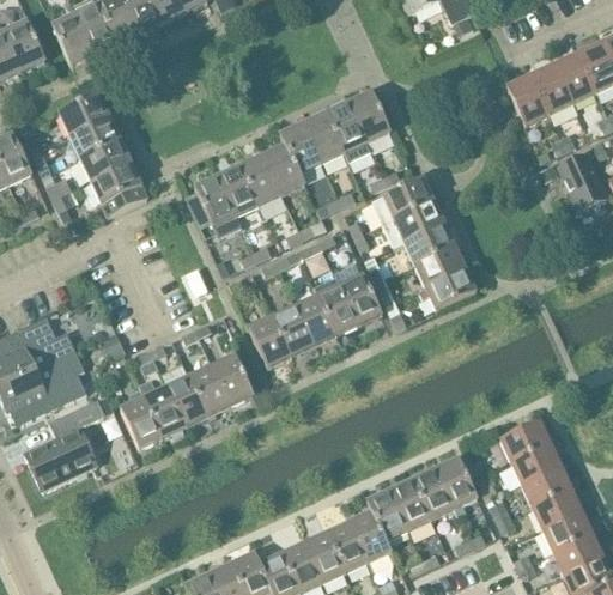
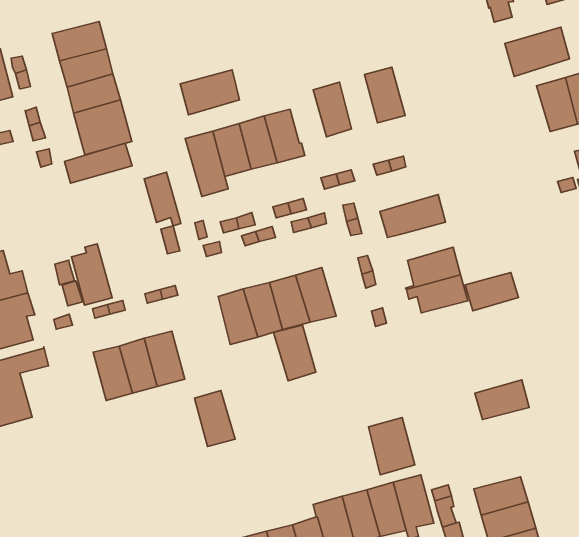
building: none -> [505,27,569,76]
building: [326,101,370,159] -> none
building: none -> [180,70,239,115]
building: [279,122,322,172] -> none
building: [371,176,432,223] -> none
building: none -> [64,143,132,183]
building: none -> [144,172,181,226]
building: [403,223,454,263] -> [465,272,518,311]
building: [338,272,382,324] -> [274,325,316,381]
building: [211,352,254,405] -> [194,391,235,446]
building: [119,389,162,447] -> [71,244,112,305]
building: none -> [369,418,415,475]
building: [498,419,550,461] -> [475,380,529,419]

